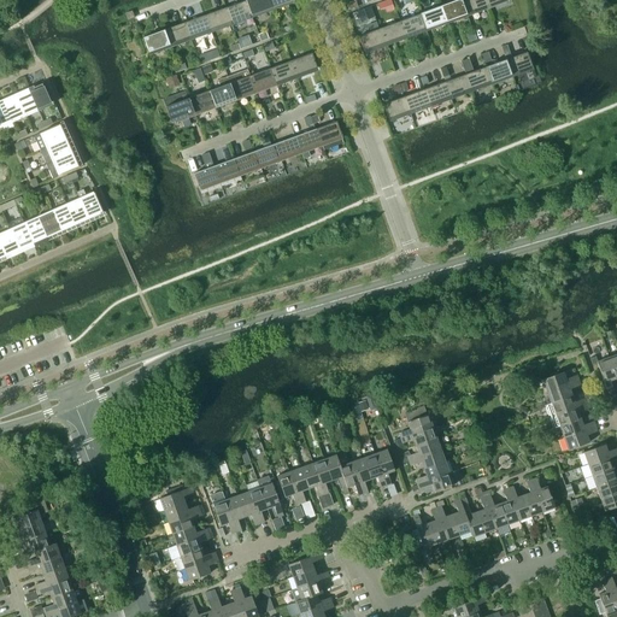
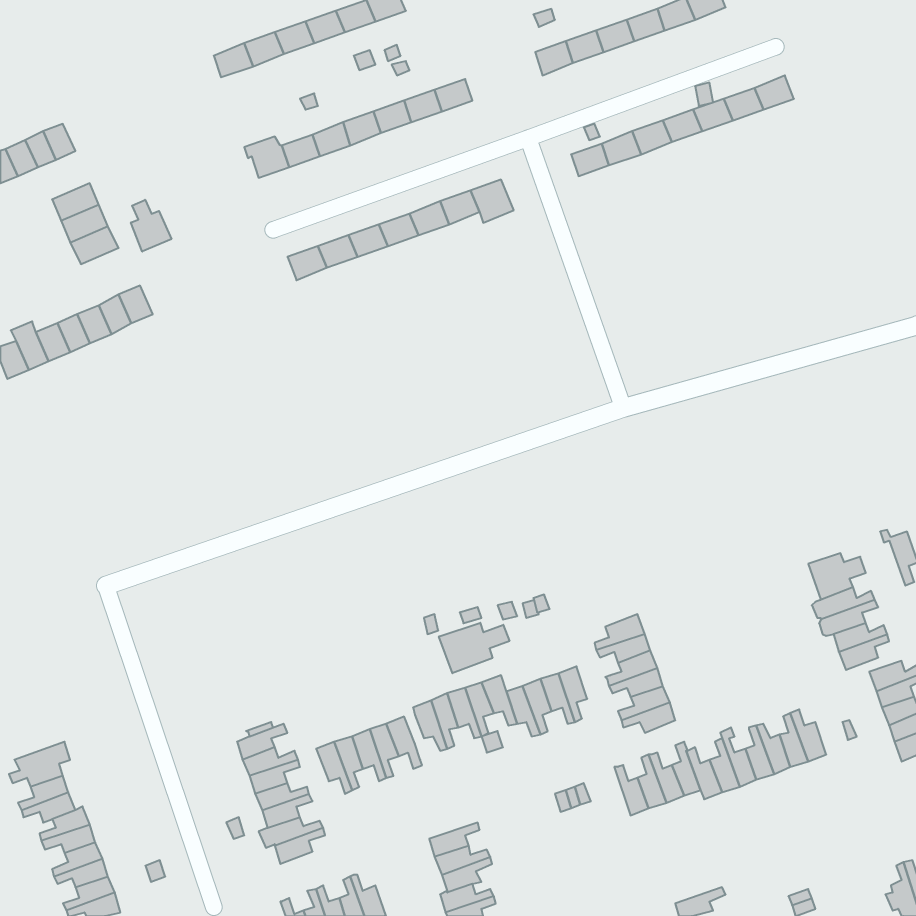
building: none -> [131,200,171,252]
building: none -> [439,623,509,673]

